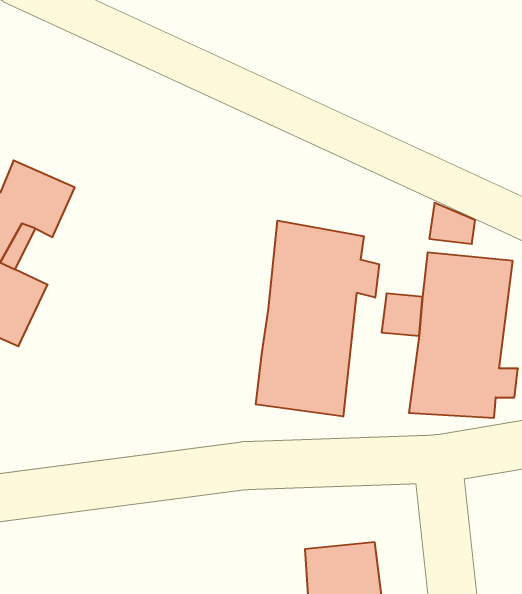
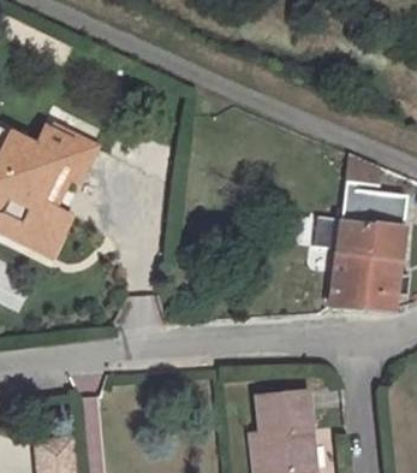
building: [256,221,379,417] -> none

